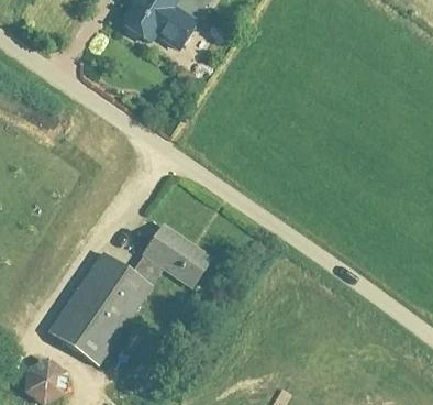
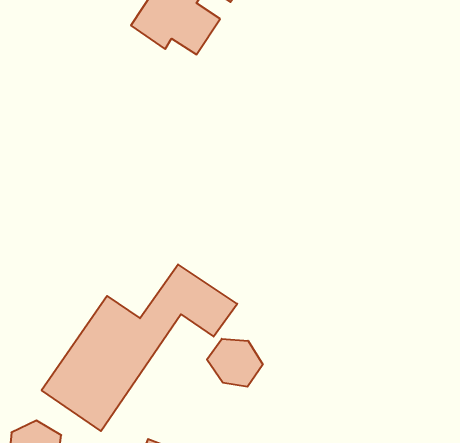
building: none -> [207,339,263,387]

